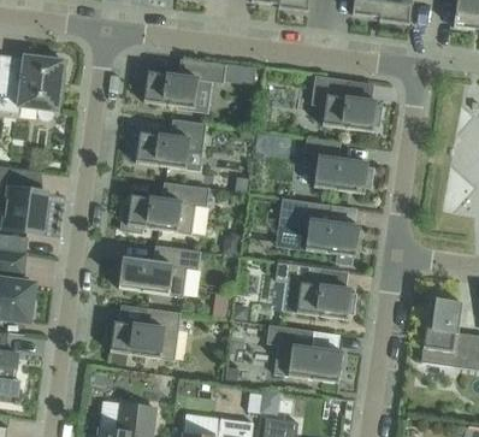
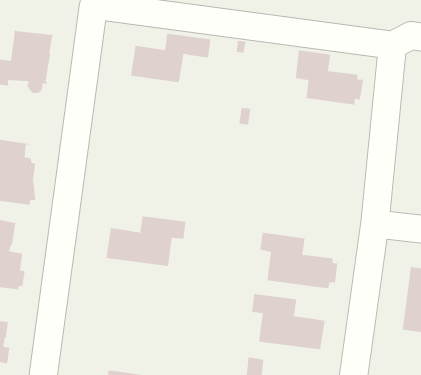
building: [130,117,206,167] -> none
building: [303,136,374,191] -> none
building: [120,181,209,232] -> none
building: [278,196,360,262] -> none
building: [105,306,181,359] -> none

